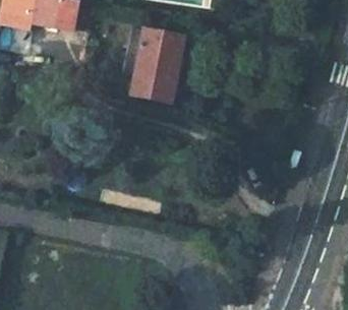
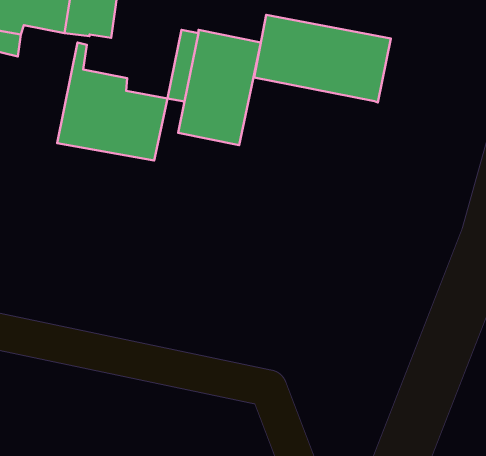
building: none -> [254,15,391,102]
building: none -> [57,43,167,160]

